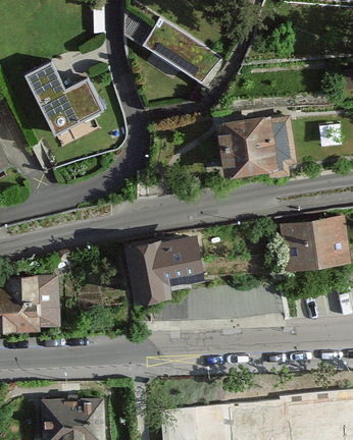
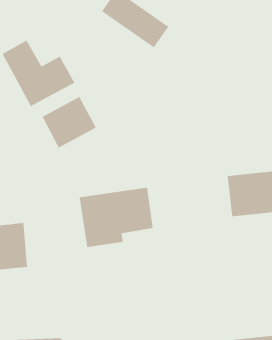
building: [211,117,276,180] -> none
building: none -> [42,96,96,148]

